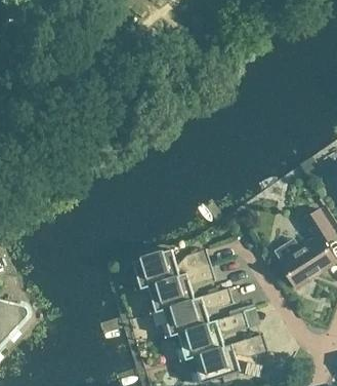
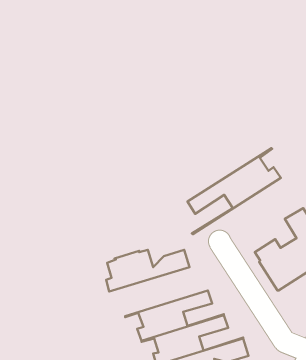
building: none -> [188,148,281,234]
building: [135,266,229,313] -> none

